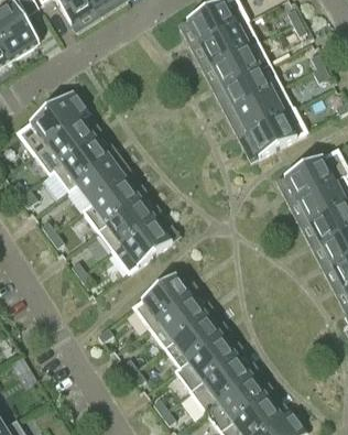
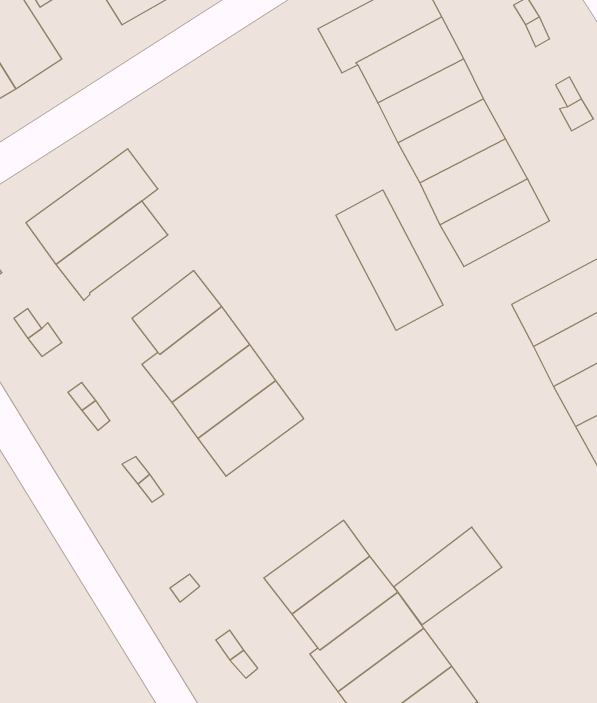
building: none -> [336,190,443,330]
building: [53,139,110,191] -> none
building: [133,274,193,328] -> [394,527,502,625]

